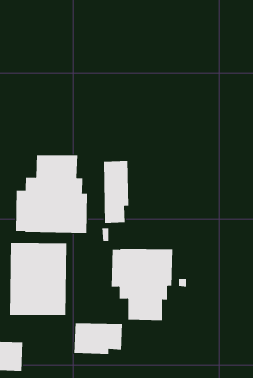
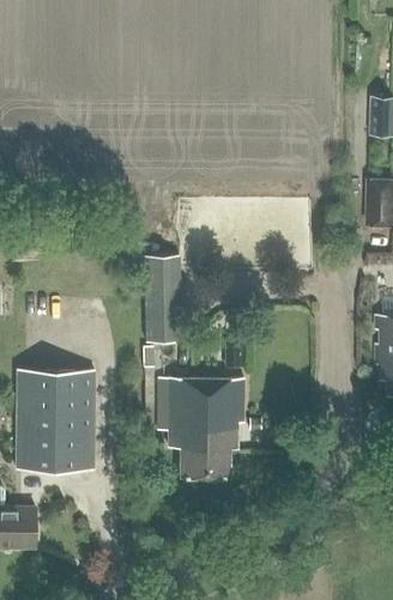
building: [16,154,87,234] -> none
building: [74,323,122,355] -> none

